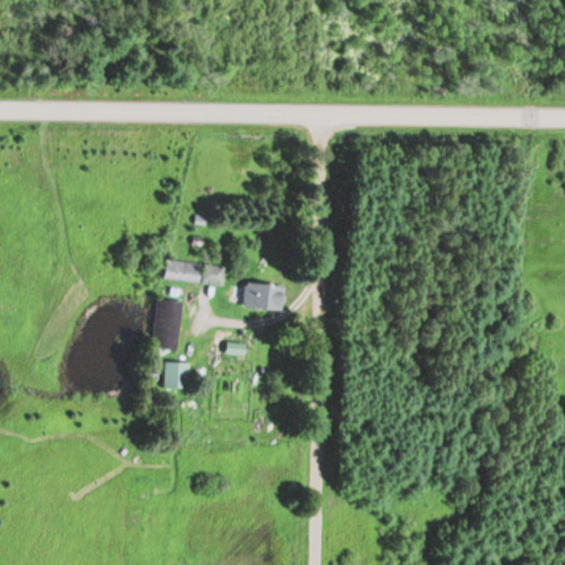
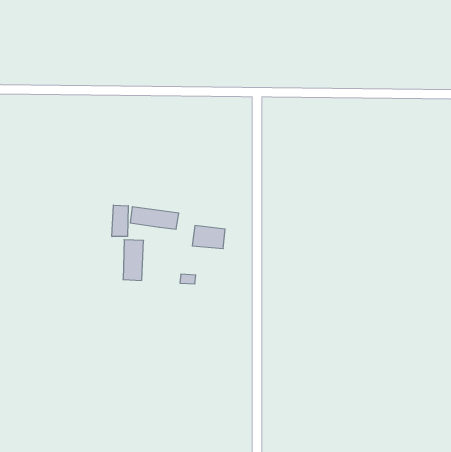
building: none -> [112,205,128,237]
building: [164,362,190,388] -> none

